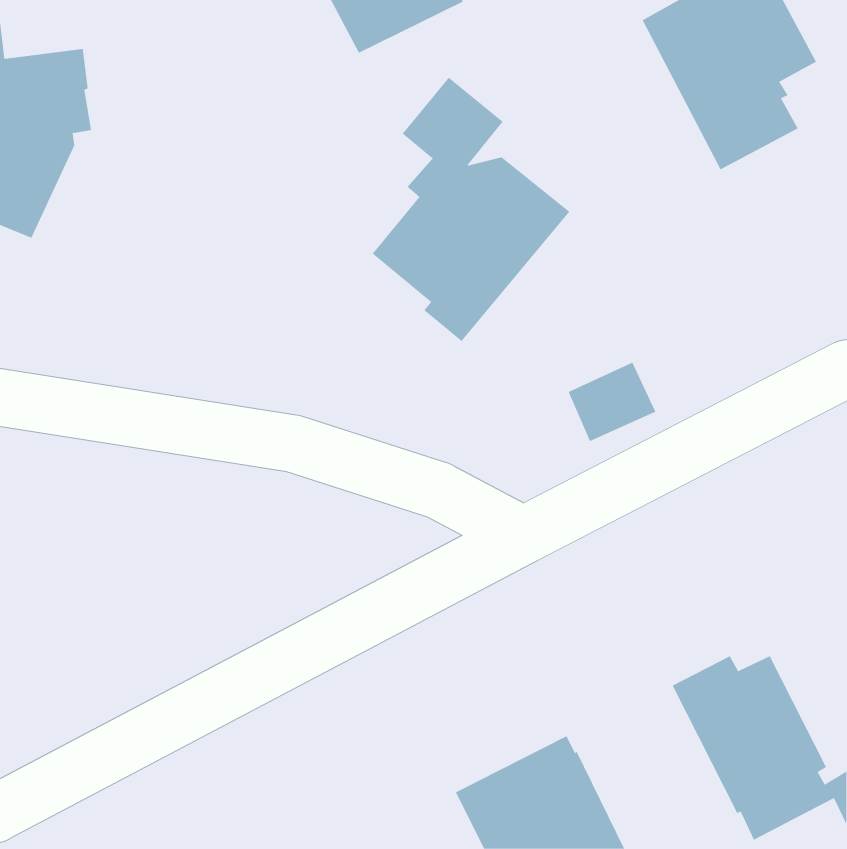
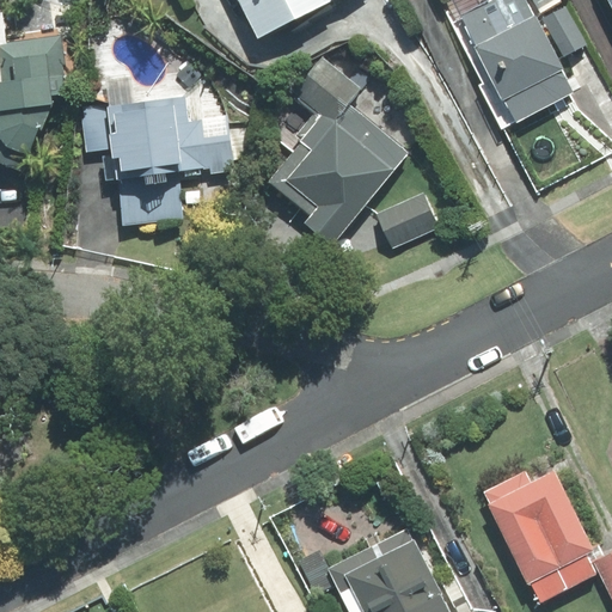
building: none -> [81,94,233,222]
building: [568,362,656,442] -> [375,191,439,249]

